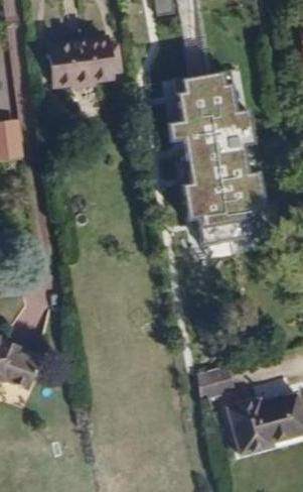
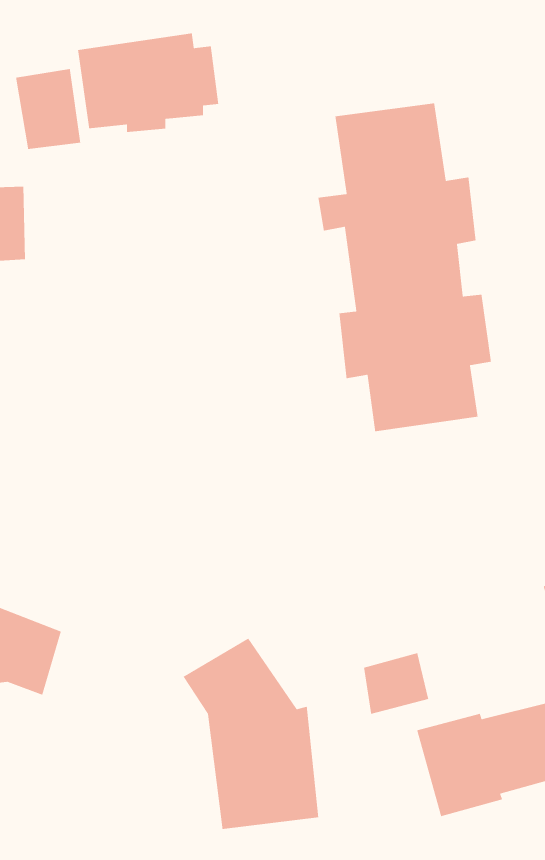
building: none -> [15,68,81,150]
building: none -> [182,638,319,830]

